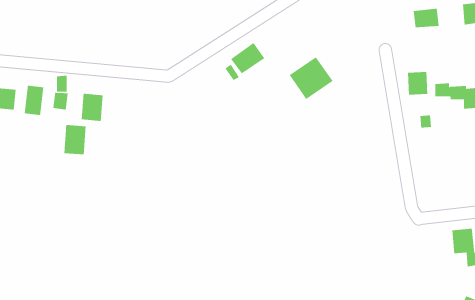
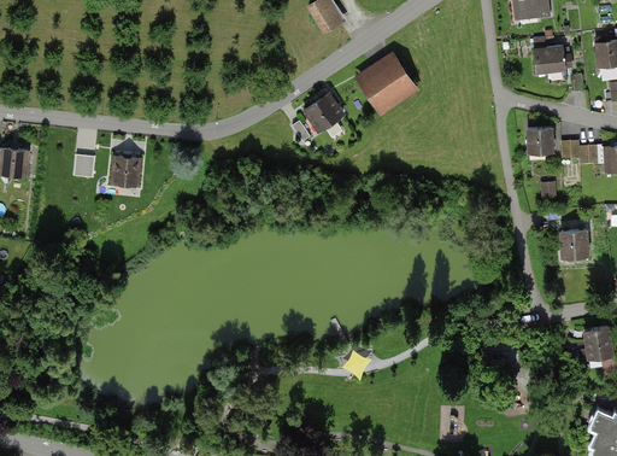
building: [289,56,333,100] -> [357,54,413,110]
building: [24,85,44,116] -> none
building: [64,124,86,155] -> none
building: none -> [559,232,590,262]

